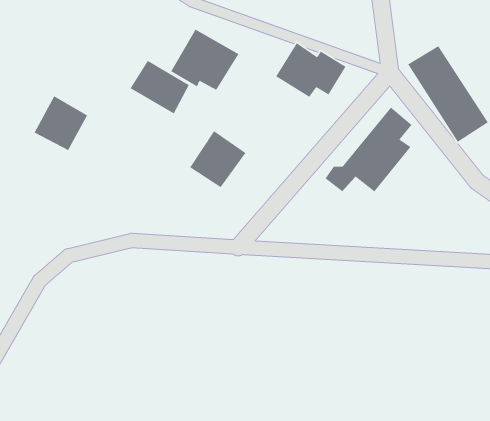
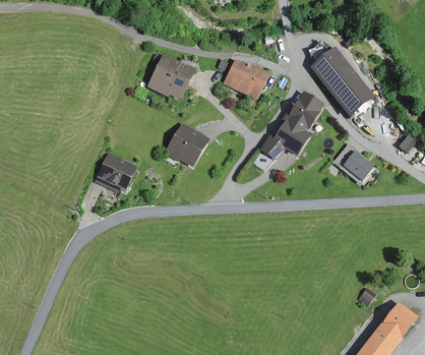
building: [130,60,190,115] -> none
building: [34,95,88,151] -> [97,155,133,192]
building: none -> [337,144,373,179]

